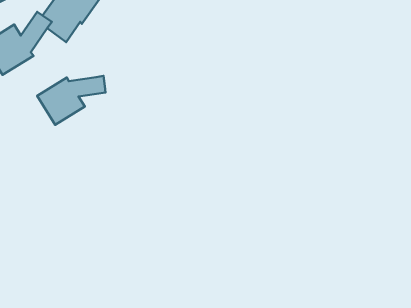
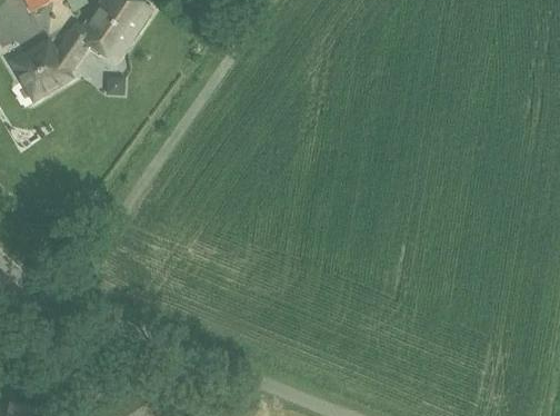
building: [37,76,106,125] -> none

